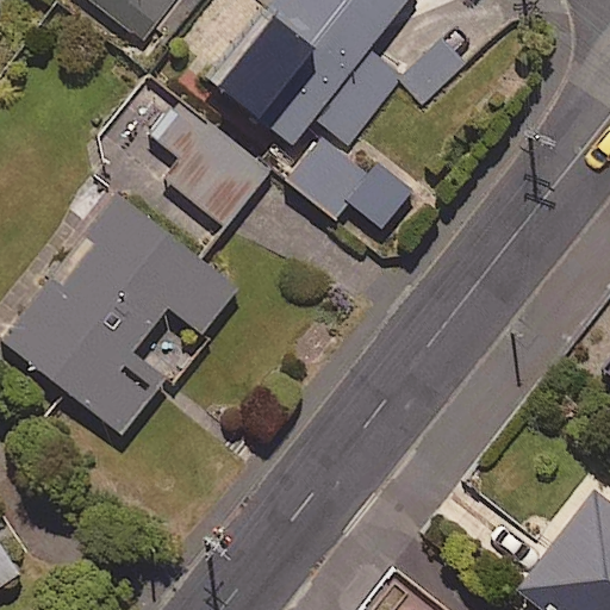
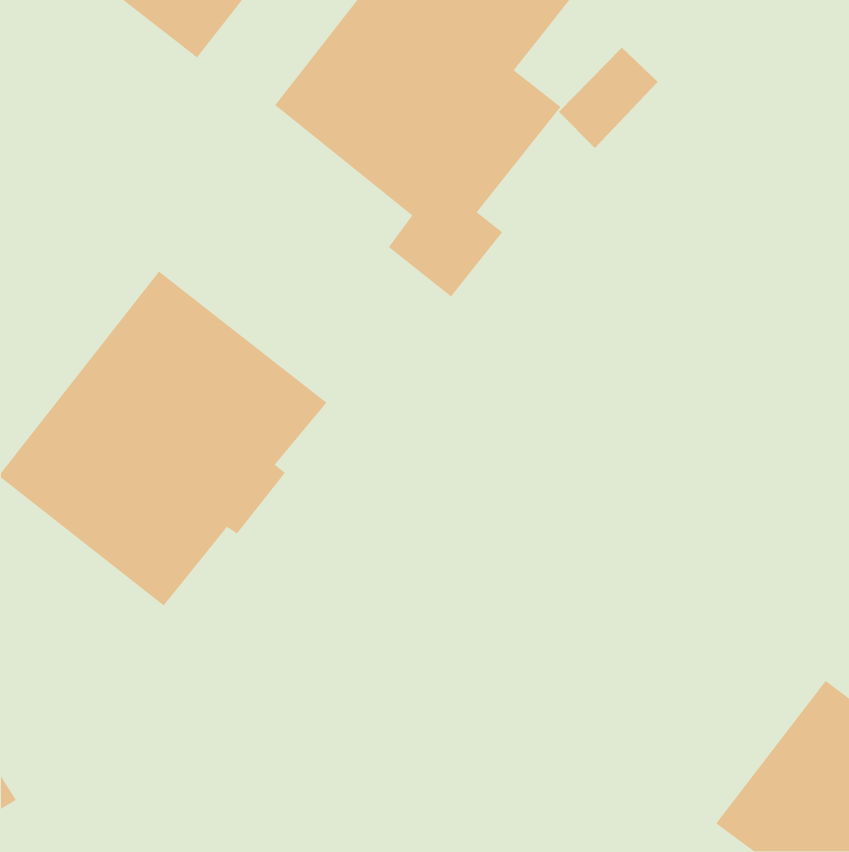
building: [148,99,263,244] -> none

